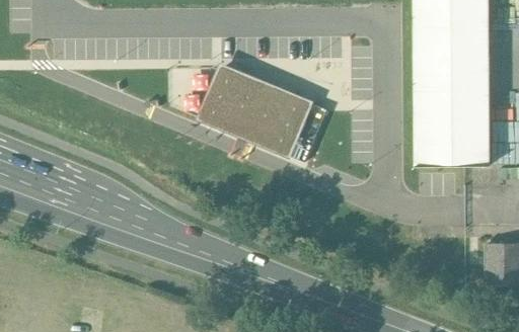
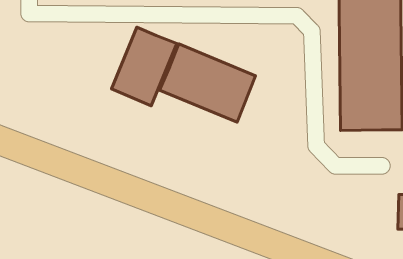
building: none -> [112,27,177,106]

